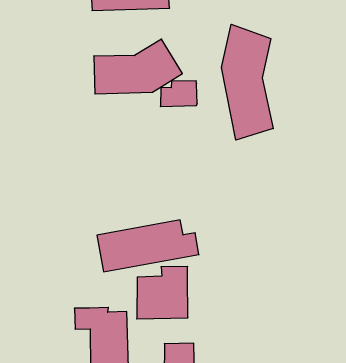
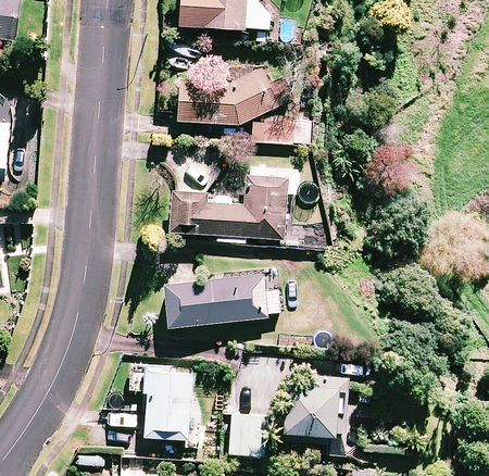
building: [222,24,273,140] -> none
building: none -> [171,168,297,239]
building: [137,266,188,319] -> [285,374,348,435]

